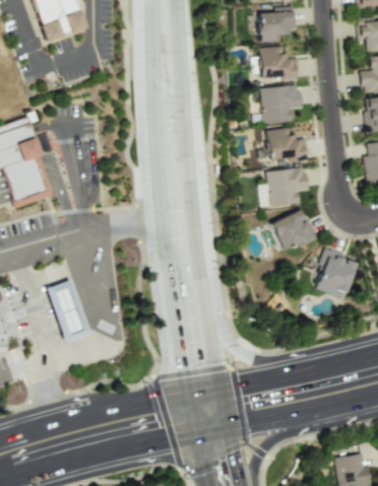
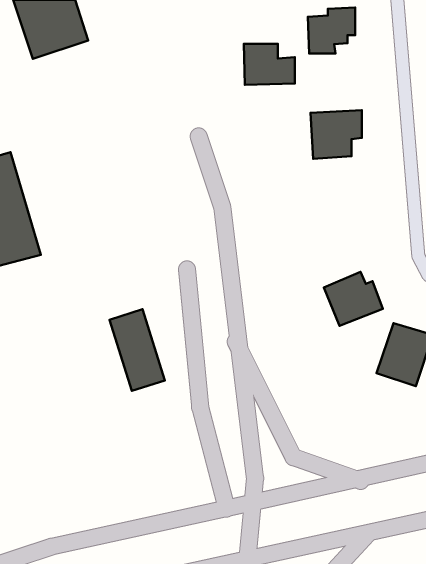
building: [259,47,299,78] -> [244,44,295,85]
building: [267,128,307,160] -> none
building: [267,167,308,206] -> none
building: [46,279,88,342] -> [110,309,165,391]

